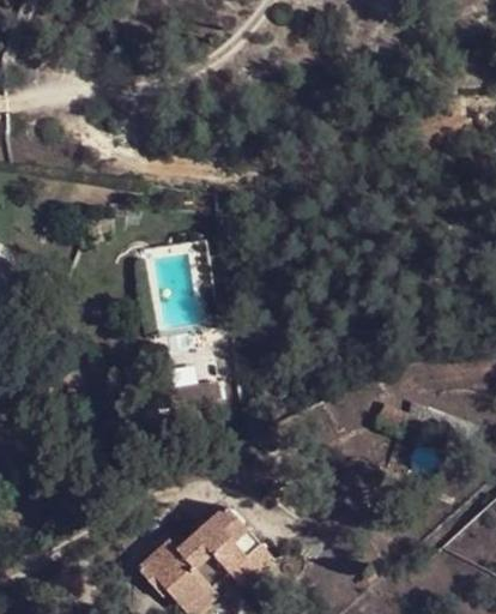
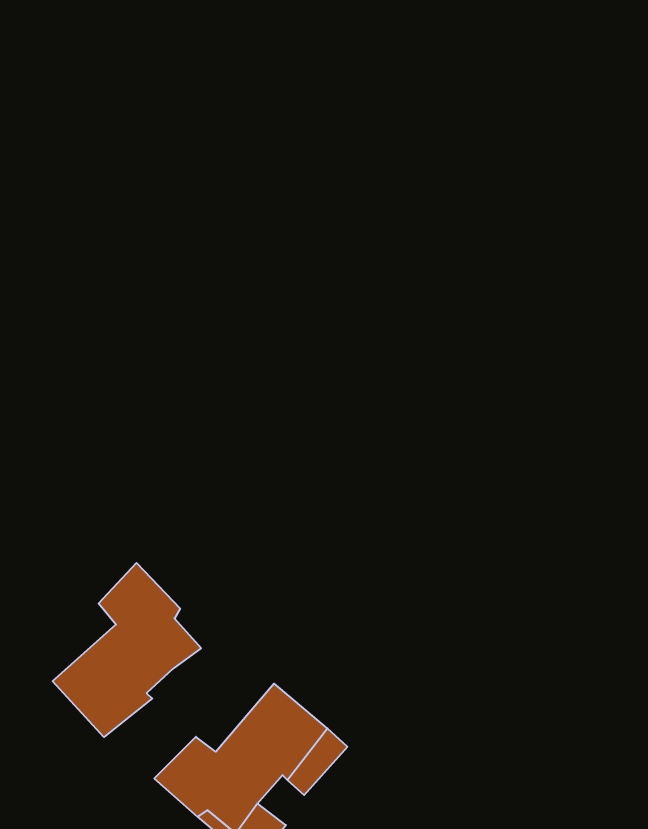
building: none -> [53,563,201,737]

